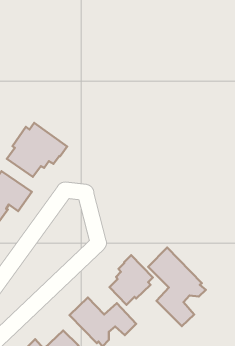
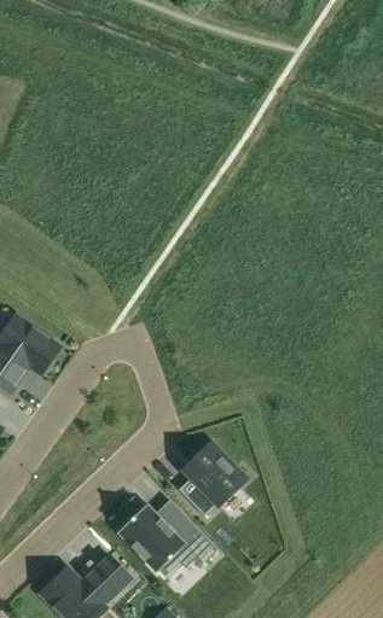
building: [7,123,67,177] -> none
building: [148,248,206,326] -> none

